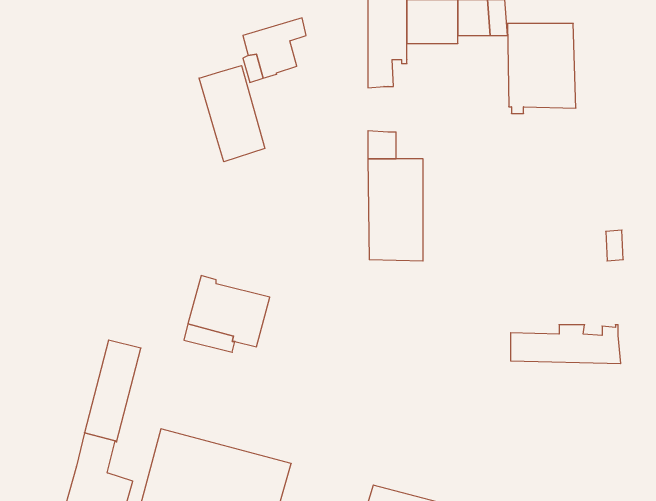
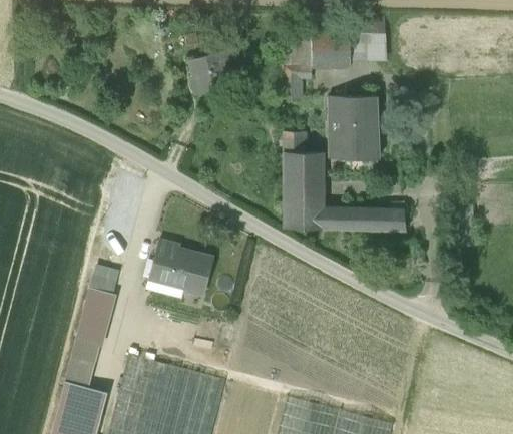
building: [507,23,576,113] -> [328,98,379,165]
building: [199,66,265,162] -> none
building: none -> [87,264,119,291]
building: [511,325,621,364] -> [324,203,406,233]

